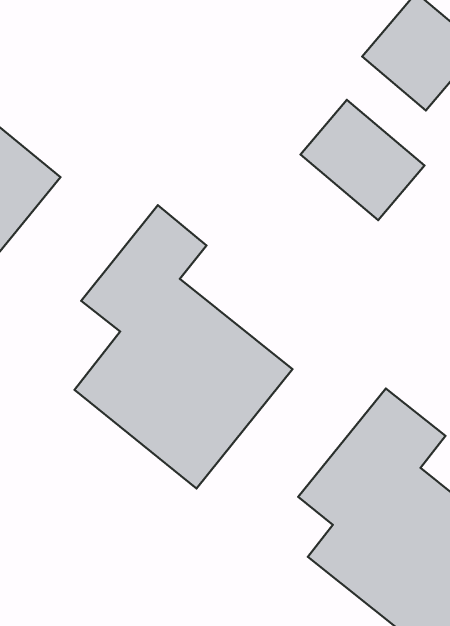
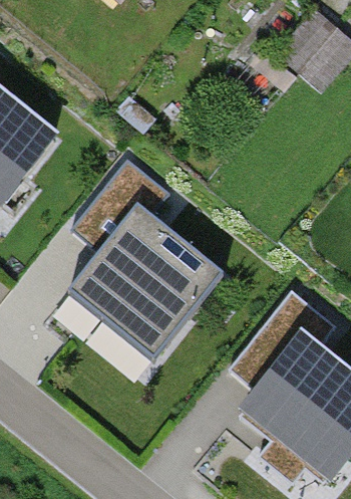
building: [300,100,425,220] -> none

